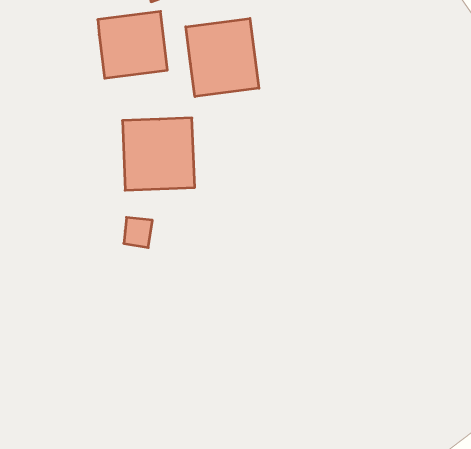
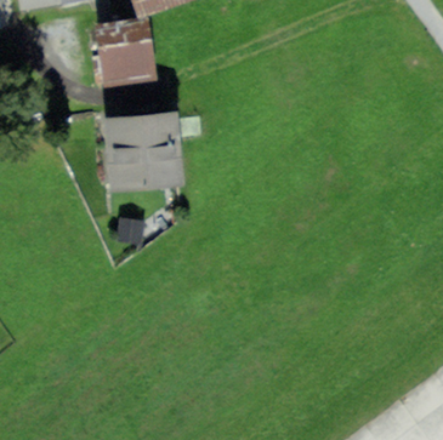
building: [186,18,259,97] -> none

